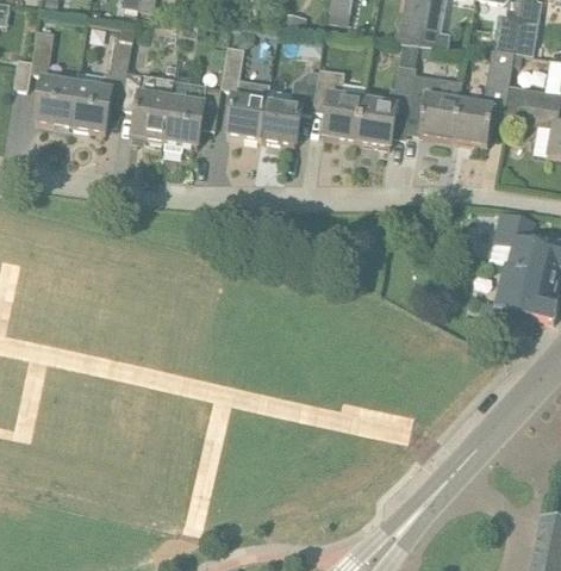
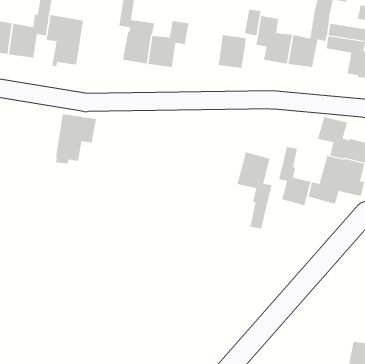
building: [313,67,363,139] -> none
building: [164,79,222,149] -> [55,113,97,164]
building: none -> [279,146,311,206]
building: none -> [237,151,272,229]

